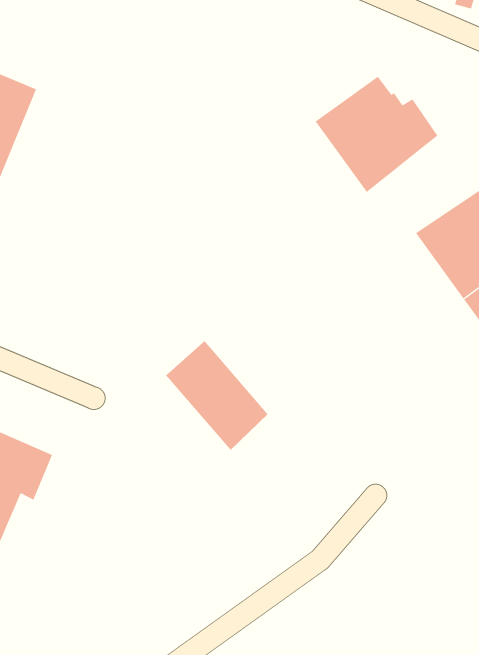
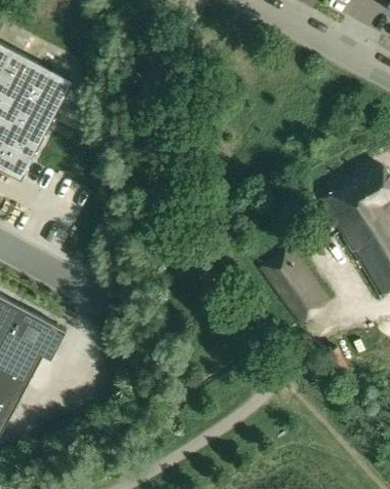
building: [315,76,438,193] -> none
building: [165,340,269,451] -> [260,247,327,323]

